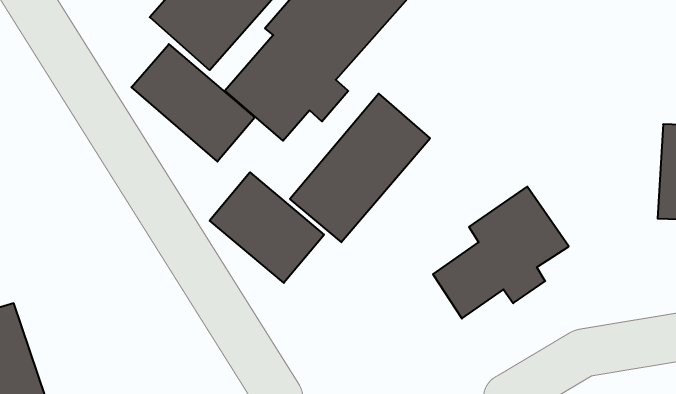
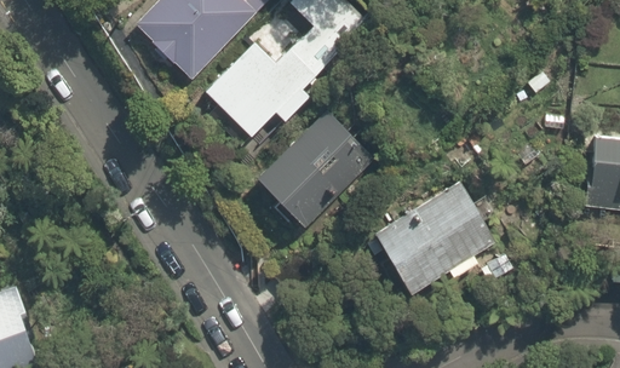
building: [131,44,255,162] -> none
building: [210,172,324,283] -> none

